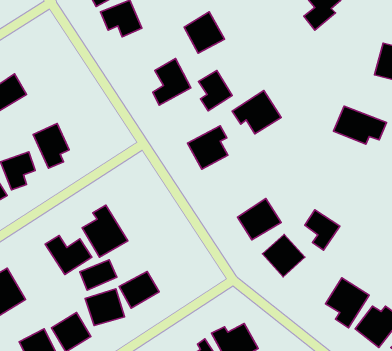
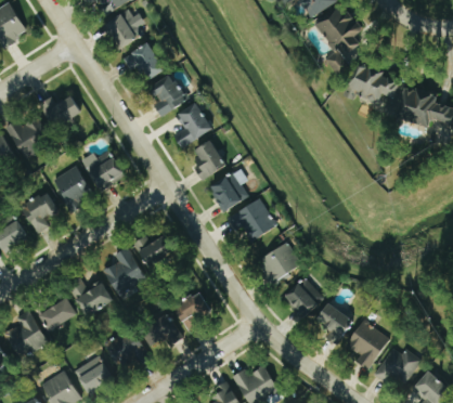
building: [184,12,224,53] -> [146,73,186,114]
building: none -> [38,94,80,128]
building: [198,71,232,111] -> [192,140,225,180]
building: [232,90,281,134] -> [228,197,276,240]
building: [333,106,387,144] -> [346,63,399,101]
building: none -> [81,150,124,190]
building: none -> [133,235,172,266]
building: [305,210,340,250] -> [318,302,352,342]
building: none -> [174,291,209,332]
building: [80,260,117,290] -> [39,299,76,329]

